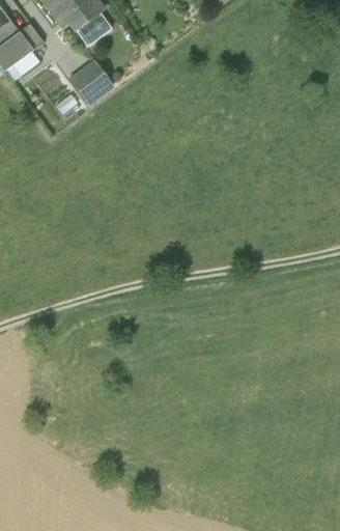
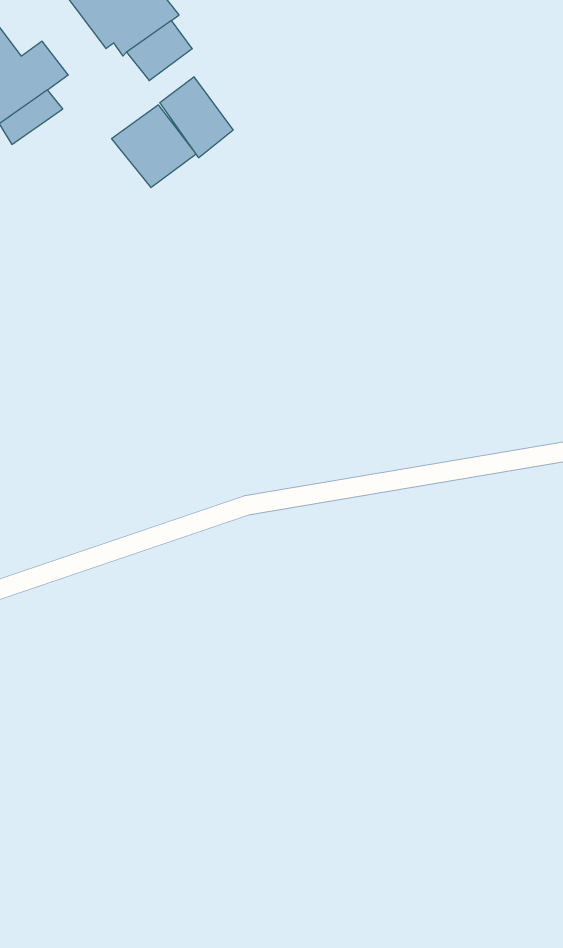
building: none -> [160,77,233,158]

